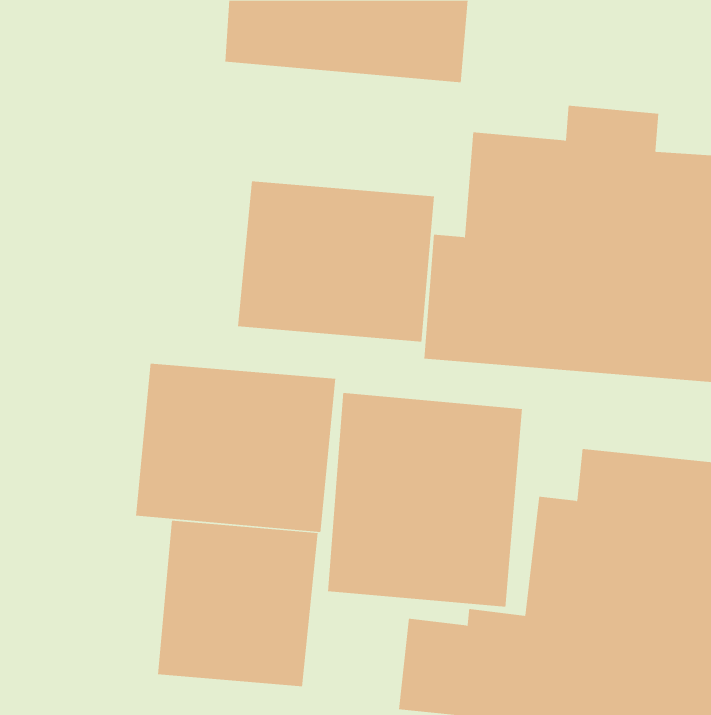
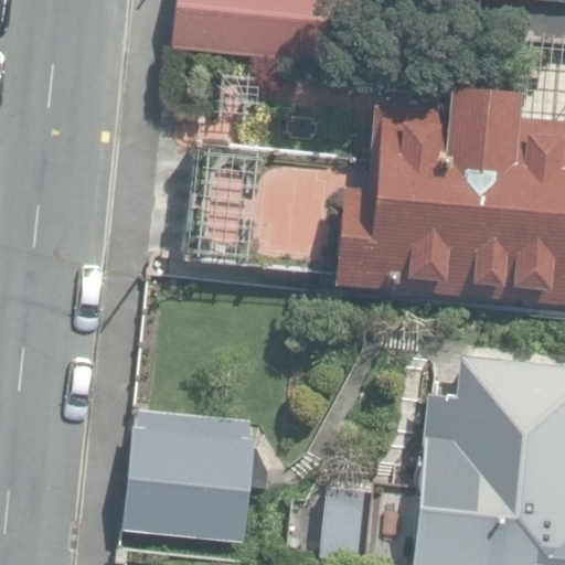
building: [136,363,336,533] -> none
building: [328,392,522,608] -> none

